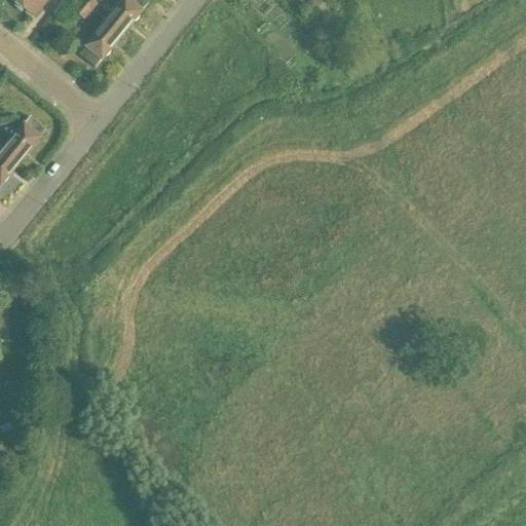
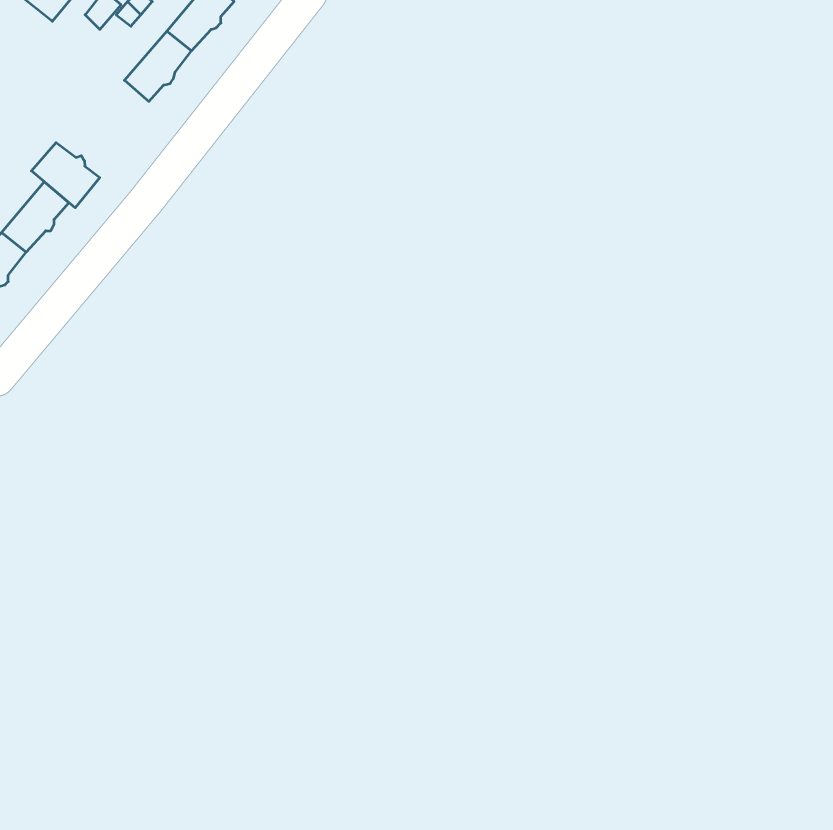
building: none -> [31,143,100,208]

